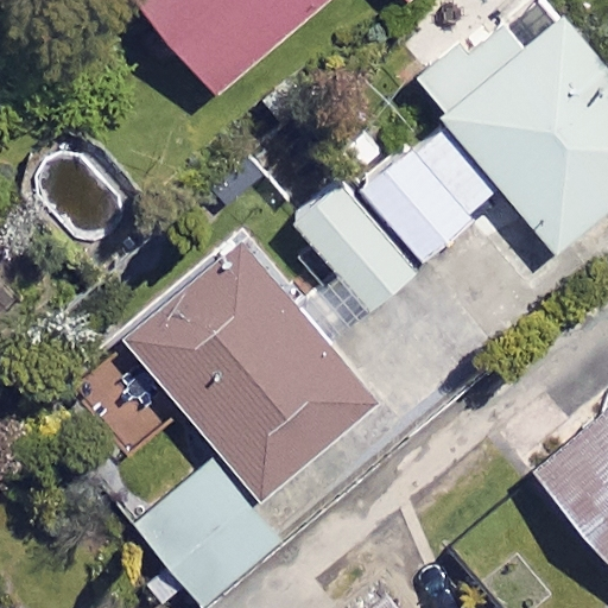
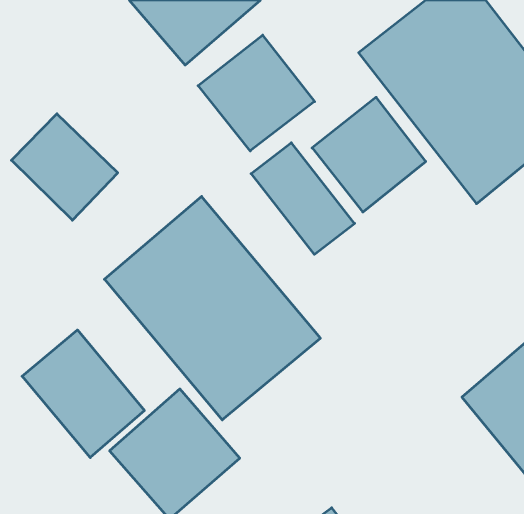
building: none -> [198,35,315,151]
building: none -> [22,330,144,458]

